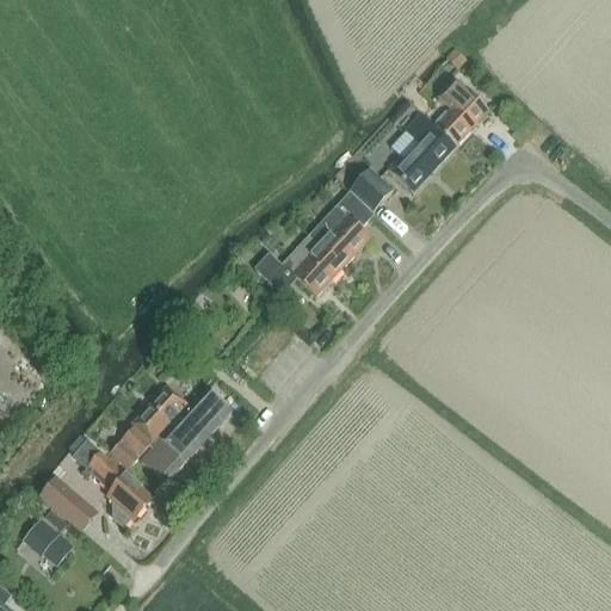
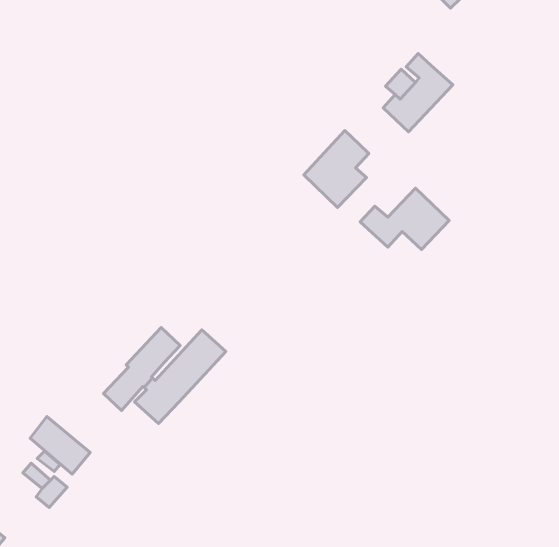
building: [436,78,489,144] -> none
building: [348,167,393,211] -> none
building: [254,234,342,295] -> [360,188,449,249]
building: [73,439,153,527] -> none

